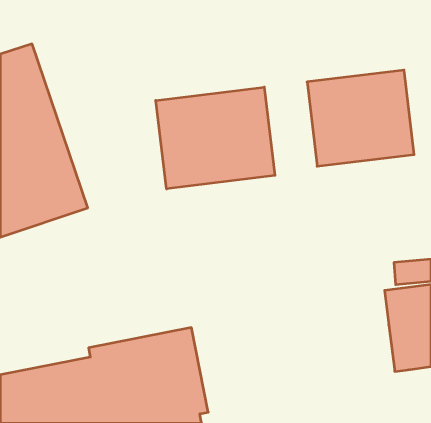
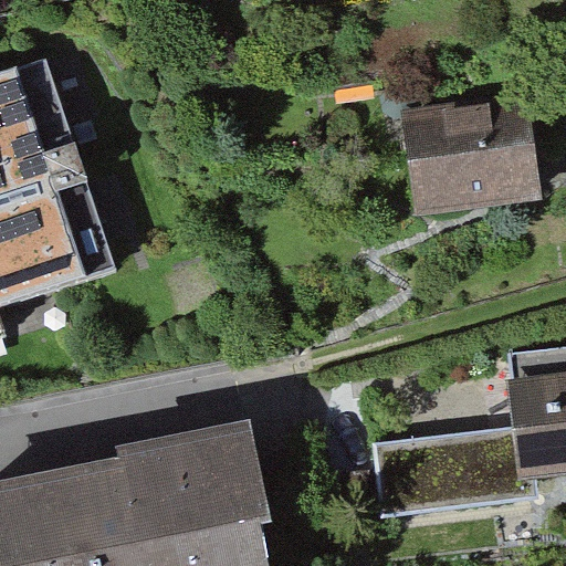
building: [156,87,275,189] -> none
building: none -> [371,426,537,520]

